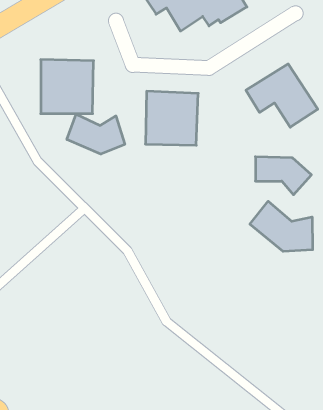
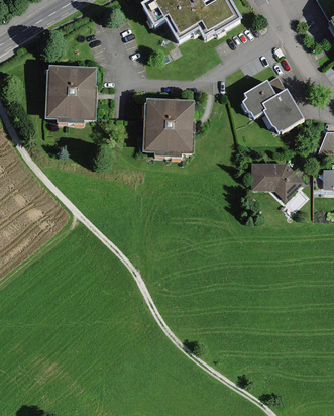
building: [67,114,125,154] -> none
building: [250,201,313,251] -> none

